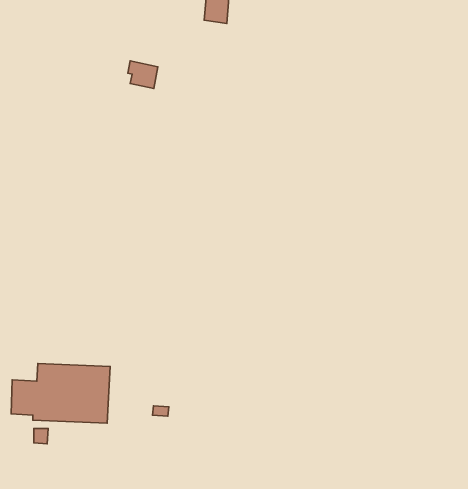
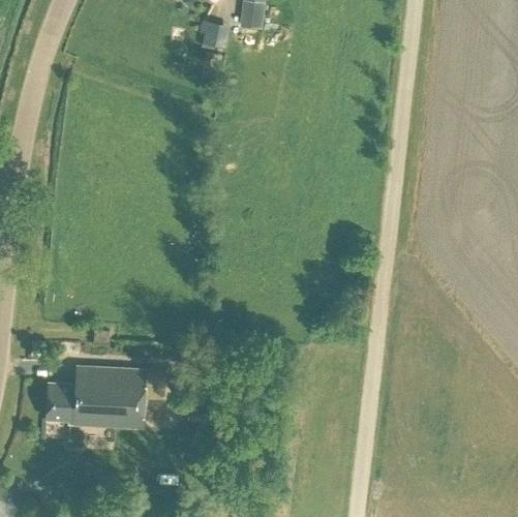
building: [128,61,158,89] -> [199,20,228,48]

